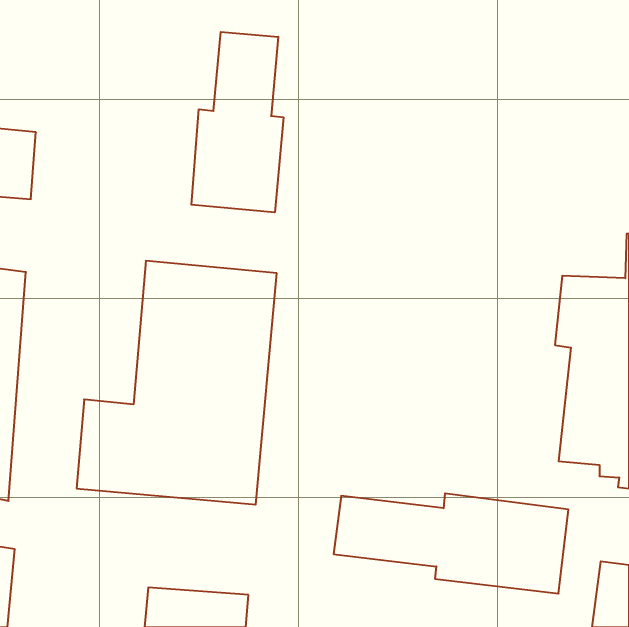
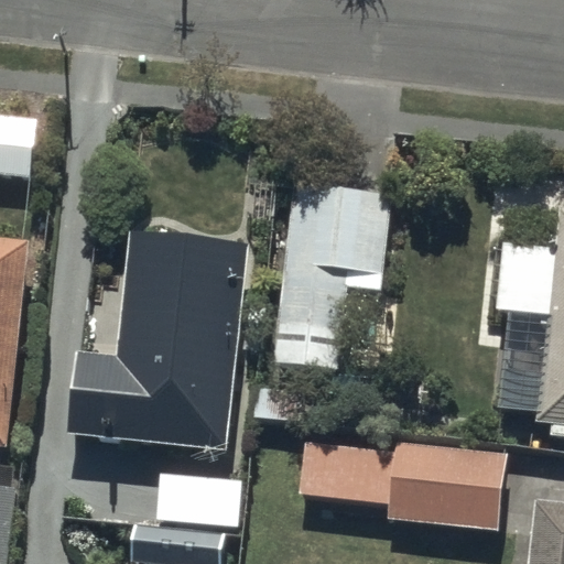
building: [191,32,283,212] -> none
building: none -> [274,187,391,366]

